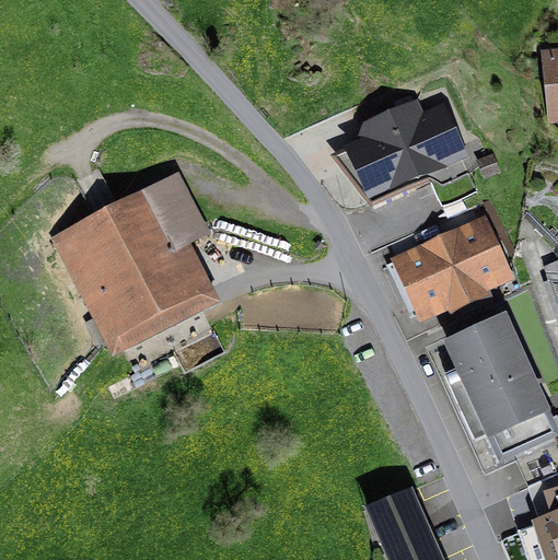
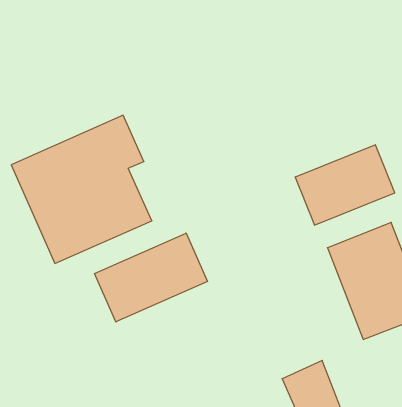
building: [332,92,468,199] -> none
building: none -> [94,233,208,322]

